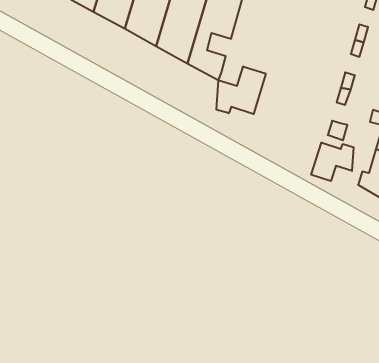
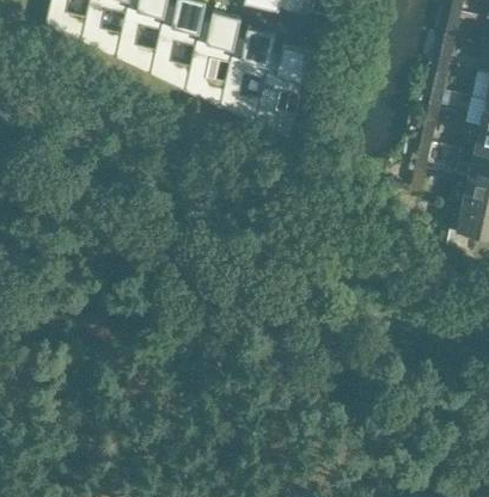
building: [216,66,266,114] -> none
building: [311,143,354,181] -> none

